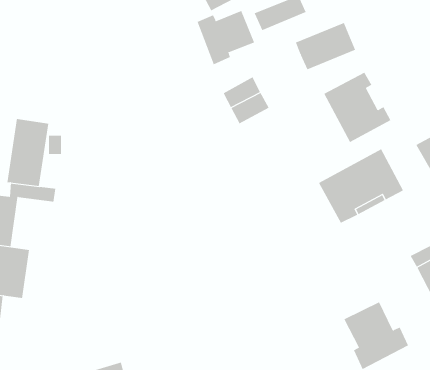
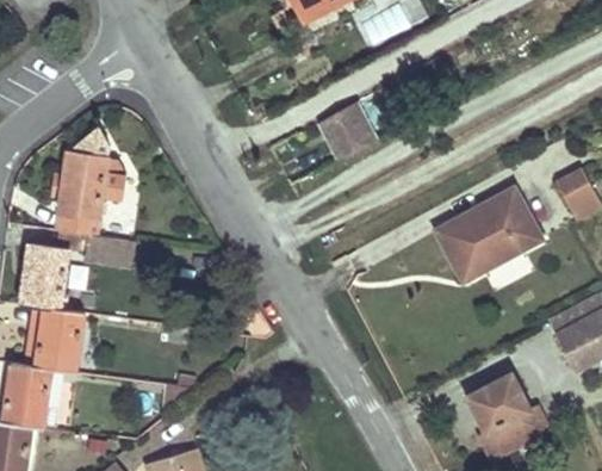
building: [197,10,255,65] -> none
building: [295,22,356,70] -> none
building: [324,72,391,143] -> none

